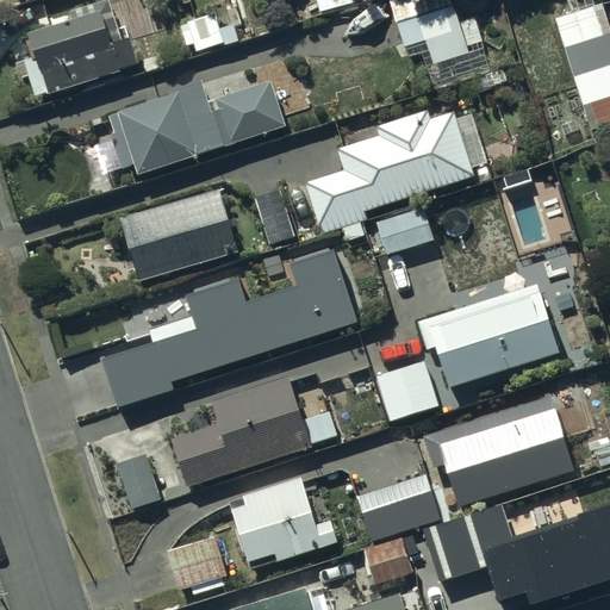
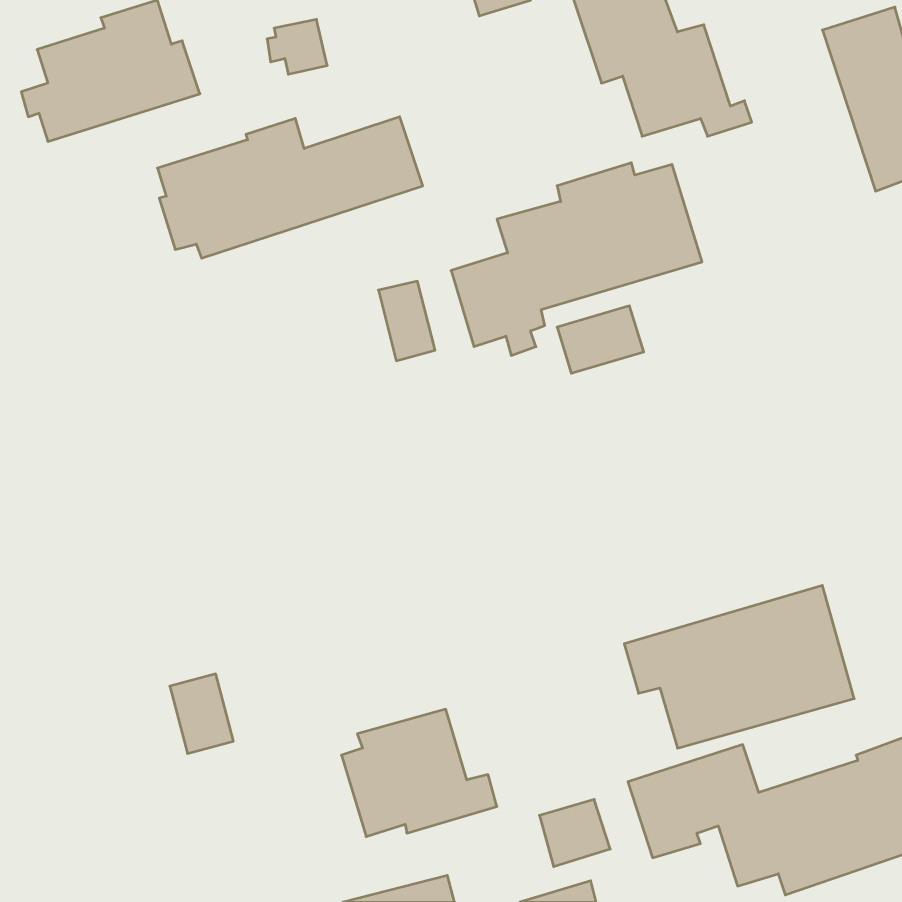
building: [119,188,238,280] -> none
building: [101,249,355,405] -> none
building: [418,286,558,386] -> none
building: [376,360,440,419] -> none
building: [173,375,337,486] -> none
building: [359,474,440,539] -> none
building: [168,539,228,589] -> none

